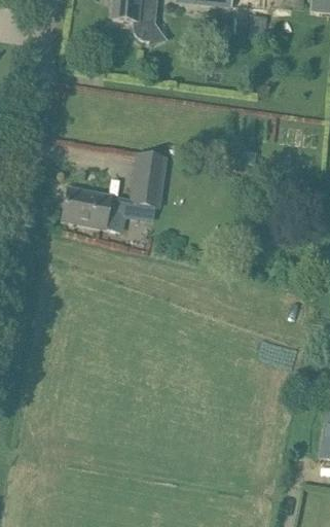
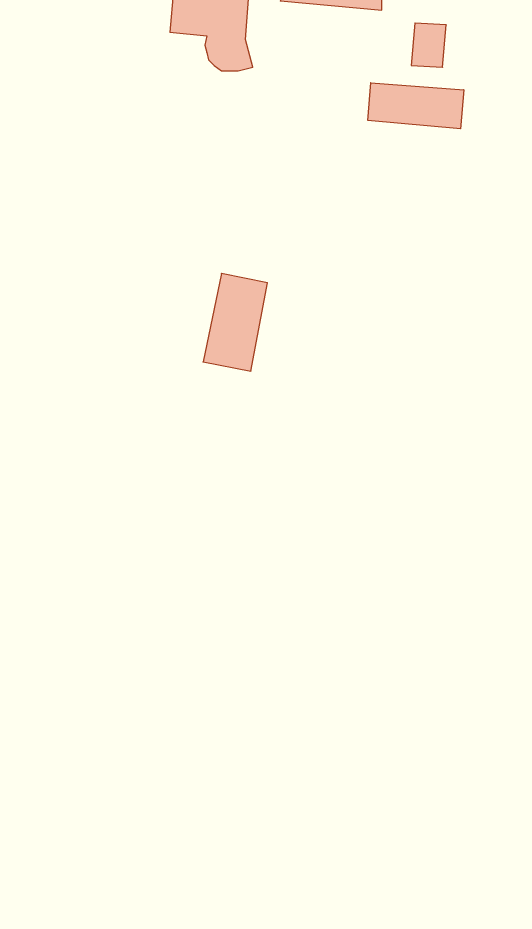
building: none -> [368,83,464,129]
building: [62,188,126,231] -> none

